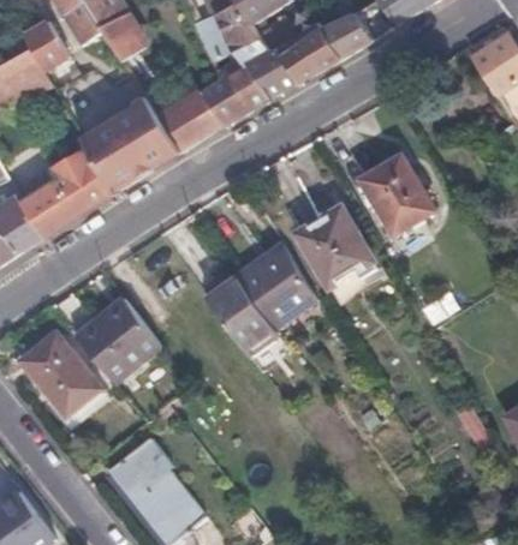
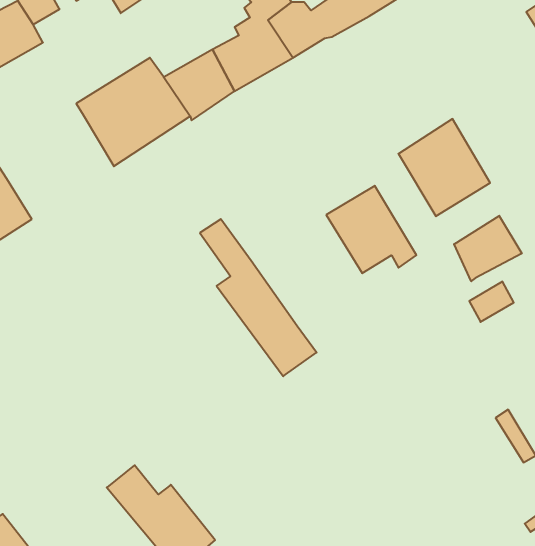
building: [22,148,114,238] -> none
building: none -> [454,216,522,281]
building: [233,247,317,330] -> none
building: [77,299,157,379] -> none
building: [22,331,100,413] -> none

